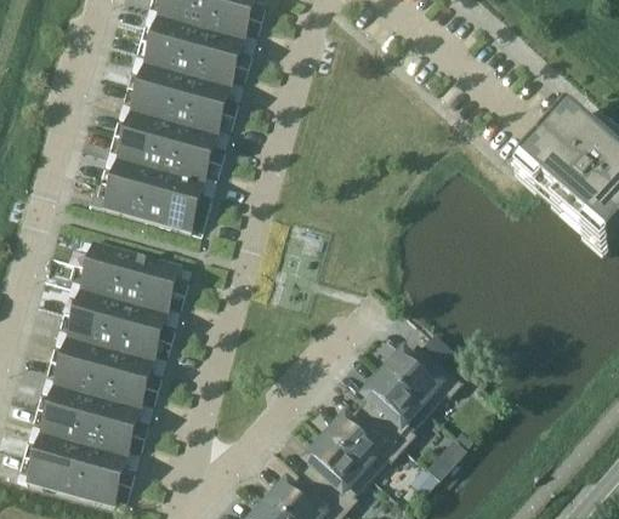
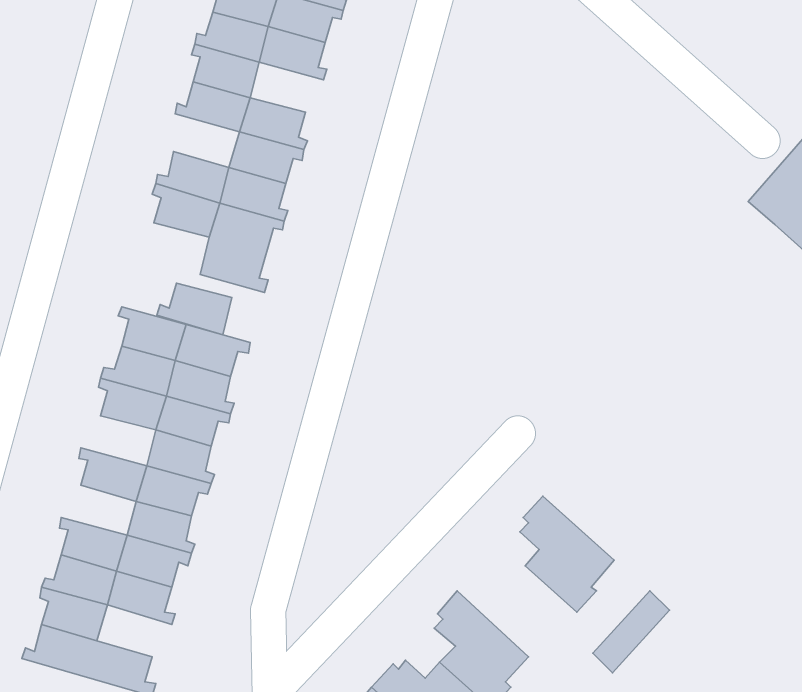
building: [181,74,231,108] -> none
building: [127,109,174,146] -> none
building: [102,183,153,218] -> [157,283,232,335]
building: [66,314,117,348] -> none
building: [380,346,462,412] -> none
building: [52,361,103,395] -> none
building: [322,415,403,478] -> none
building: [76,443,127,478] -> none

